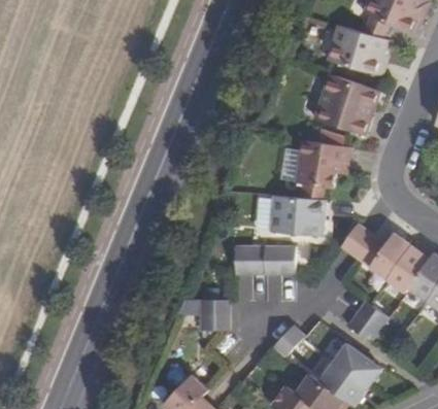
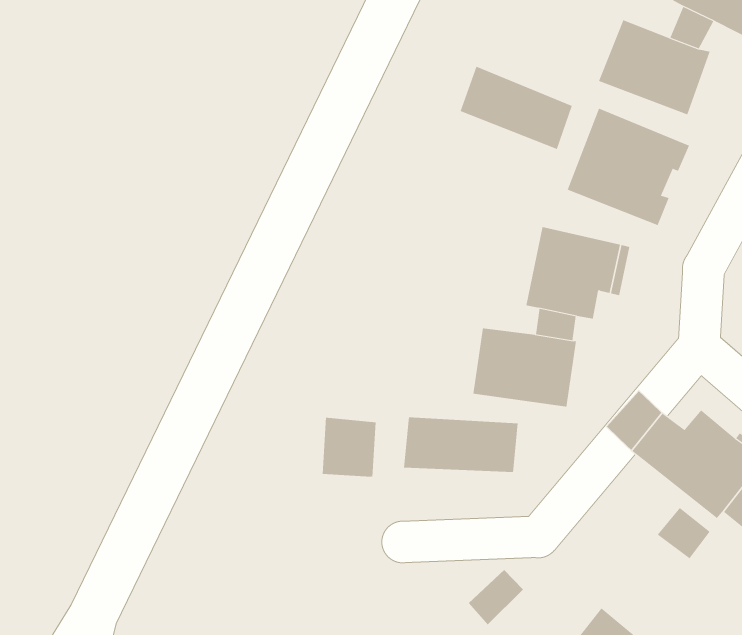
building: none -> [460,66,573,150]
building: [200,298,228,329] -> [322,417,376,477]
building: [347,300,388,341] -> none

